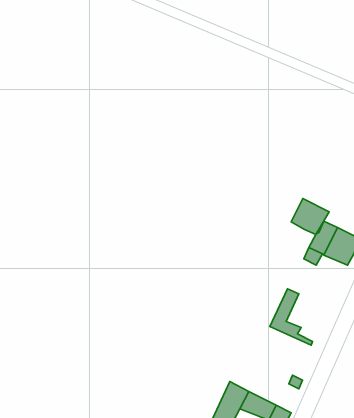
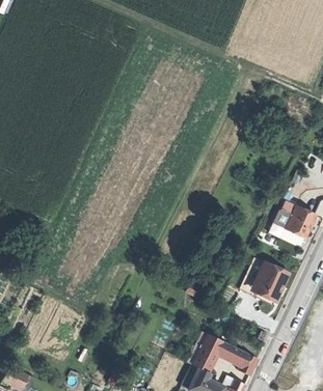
building: [291,199,329,235] -> none
building: none -> [253,260,289,300]

